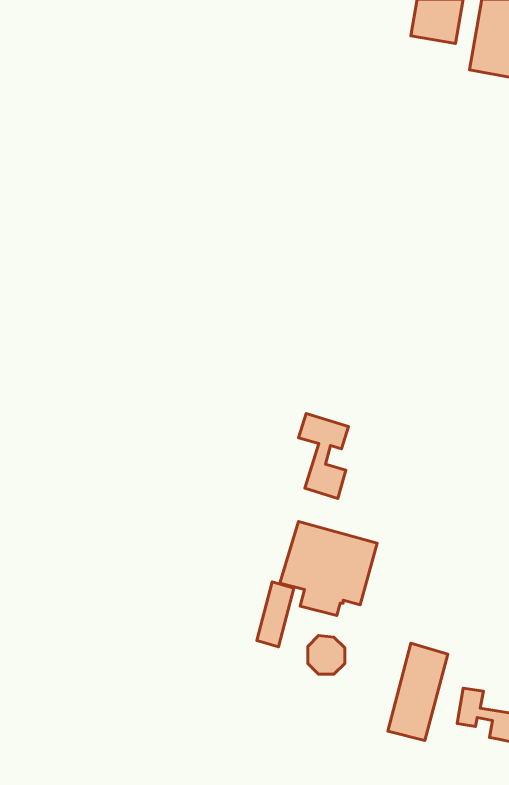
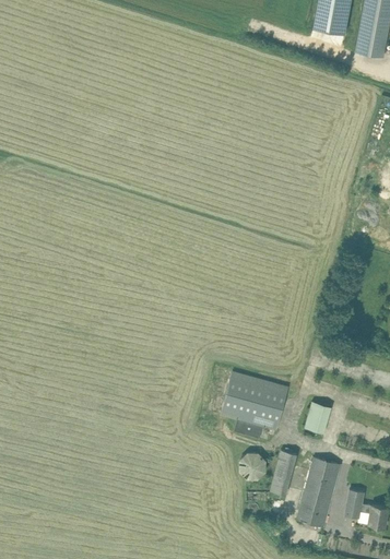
building: [298,414,348,499] -> none
building: none -> [305,401,331,432]
building: [257,582,294,647] -> [270,450,296,496]

